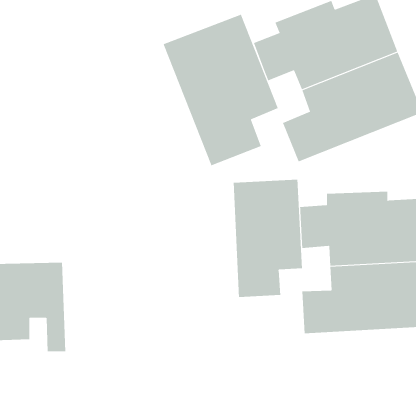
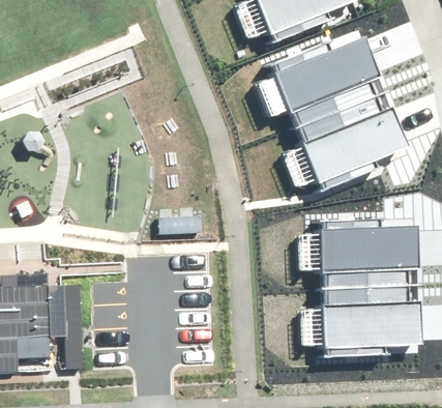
building: [163,14,278,166] -> none
building: [233,179,303,298] -> none

